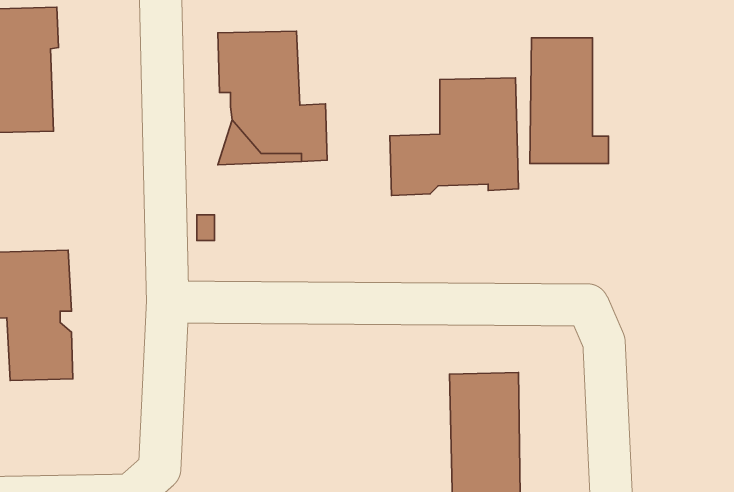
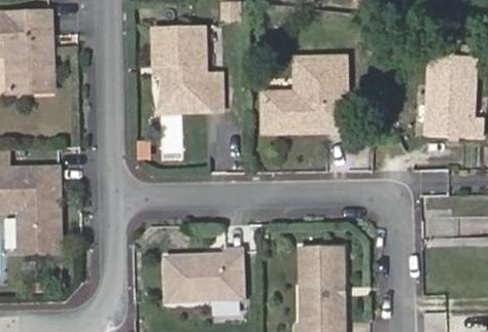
building: [530,38,609,163] -> [424,54,475,135]
building: none -> [167,246,244,301]

